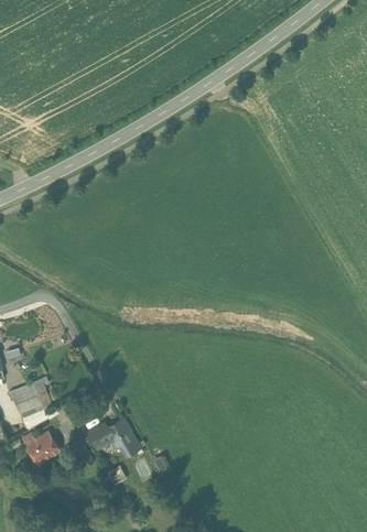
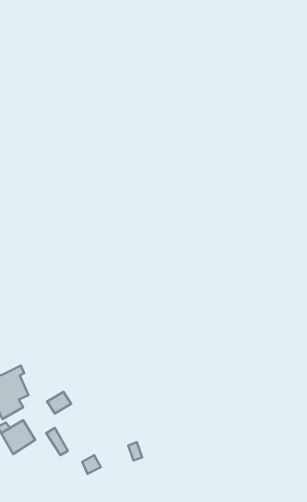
building: [88,417,139,453] -> none

